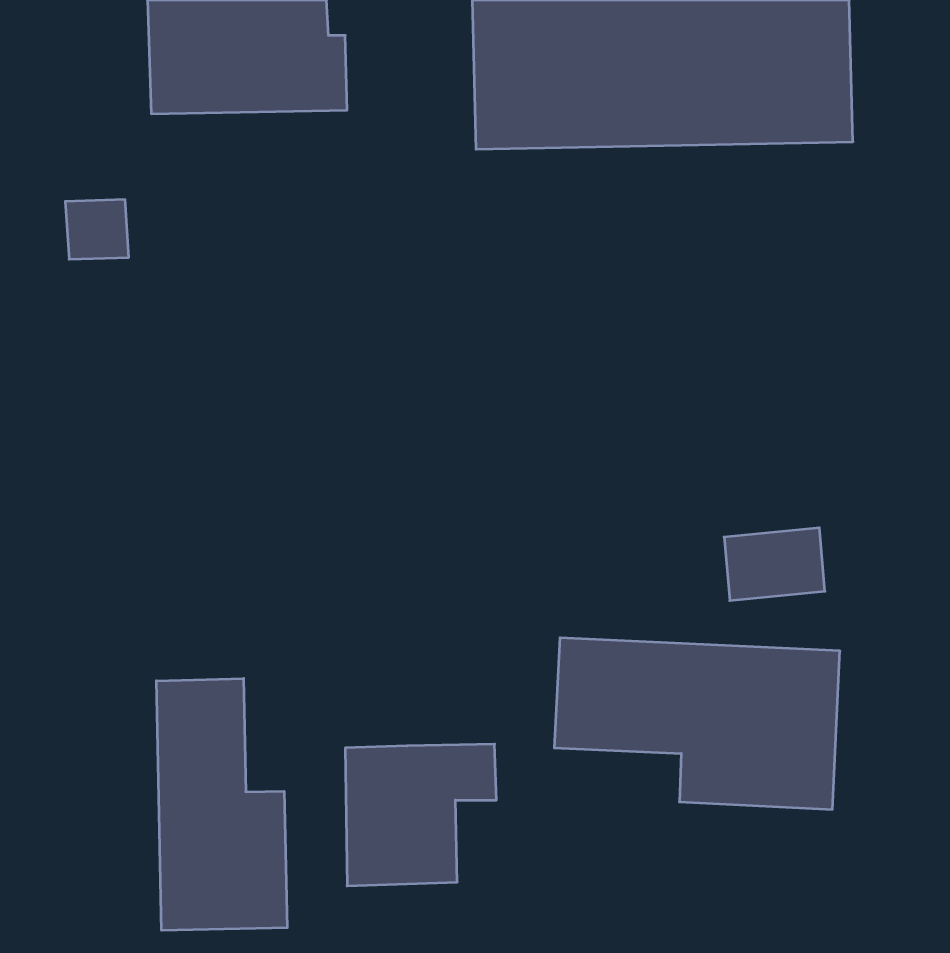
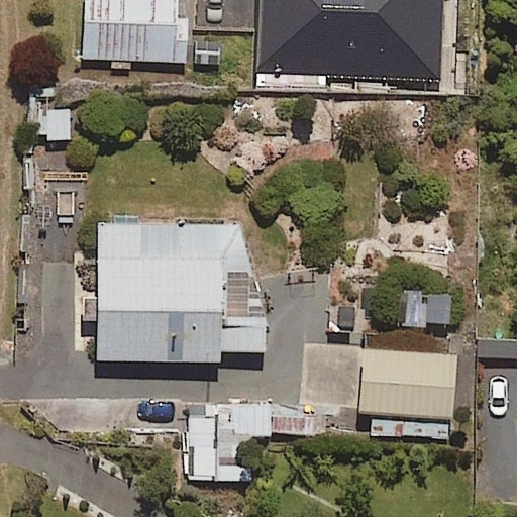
building: none -> [97,222,263,358]
building: [156,678,287,930] -> none

